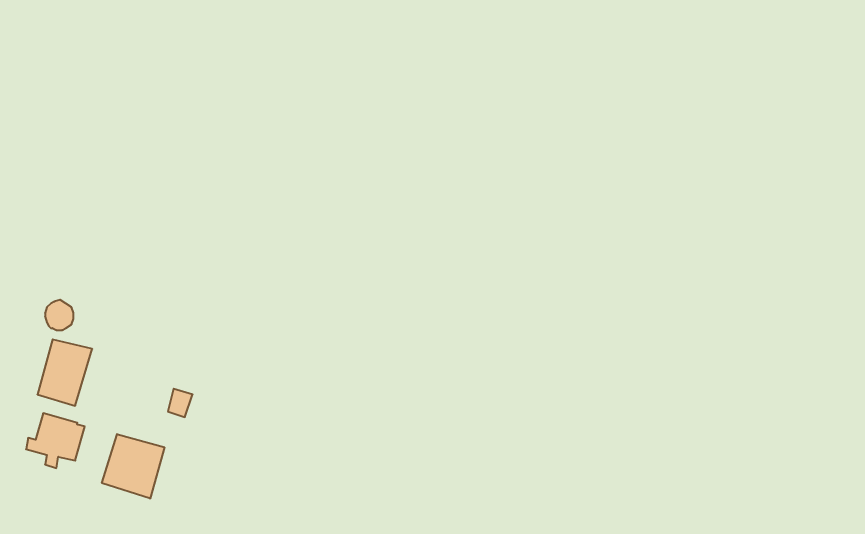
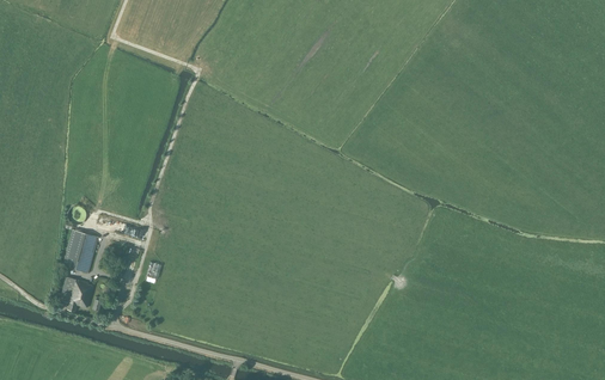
building: [102,434,164,499] -> none

